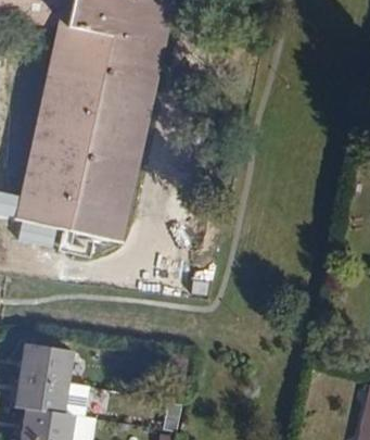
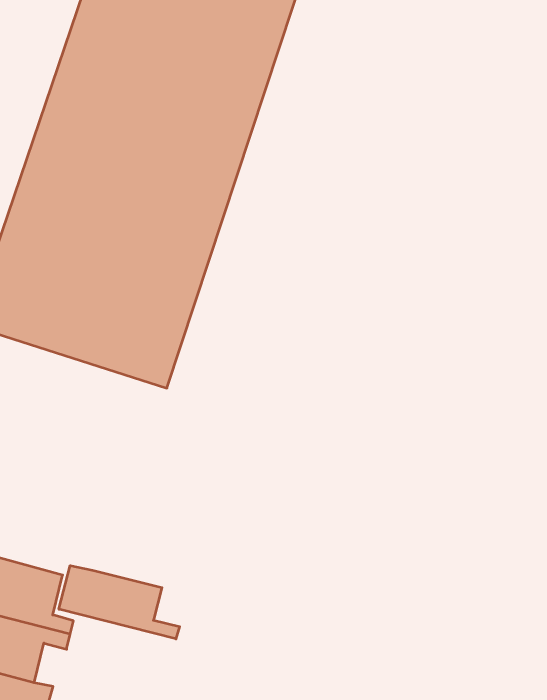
building: none -> [59,566,180,639]

